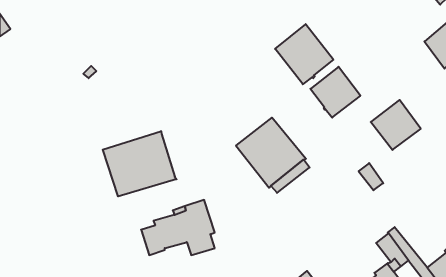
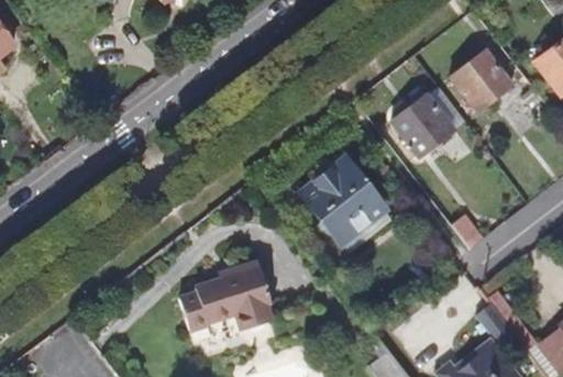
building: [275,24,333,84] -> none
building: [371,100,421,150] -> [450,48,512,111]
building: [103,131,177,196] -> none

